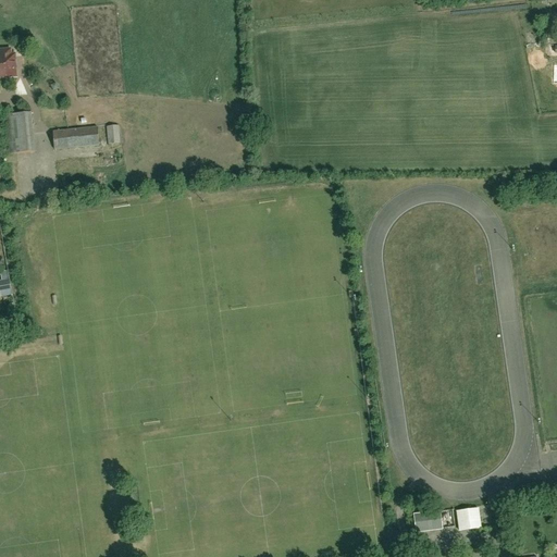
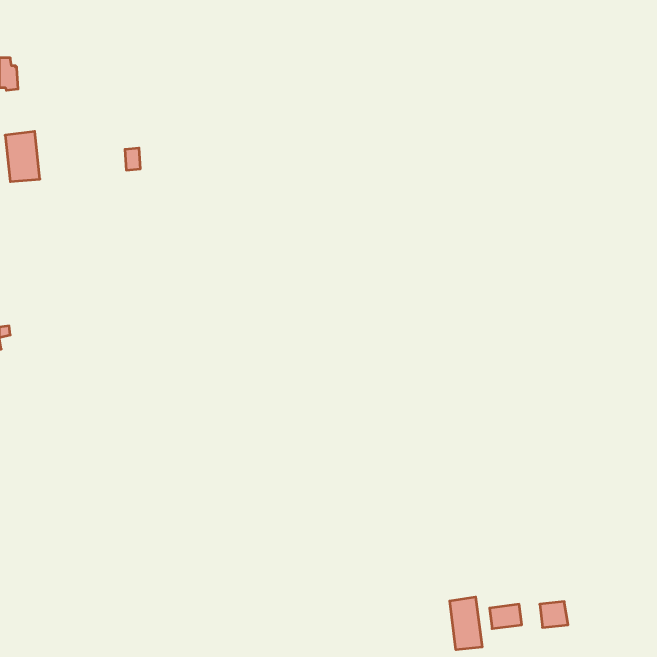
building: [51,126,98,149] -> none
building: none -> [450,597,482,650]

